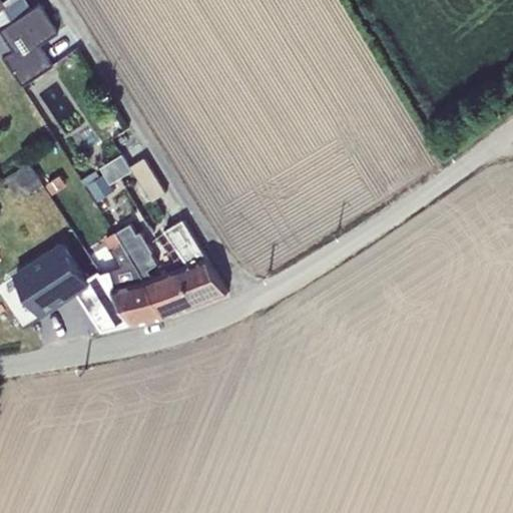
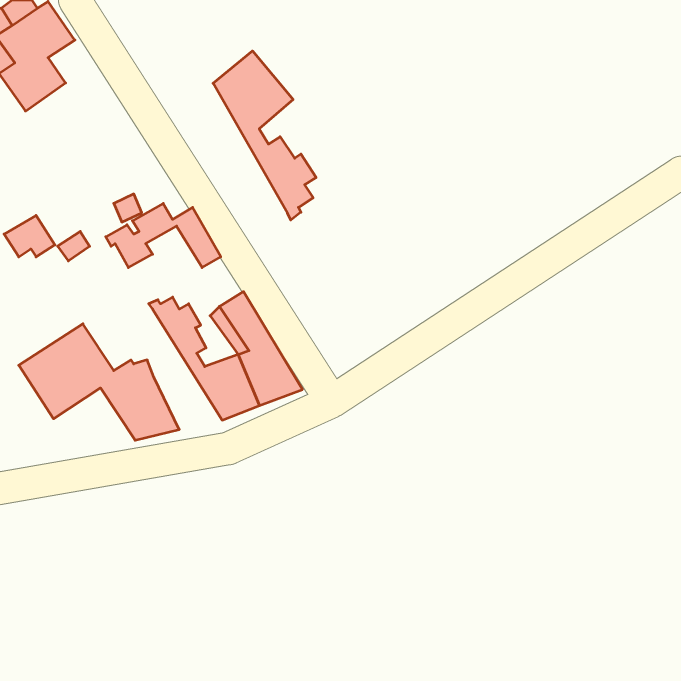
building: none -> [213,51,316,220]
building: [104,233,166,324] -> none

